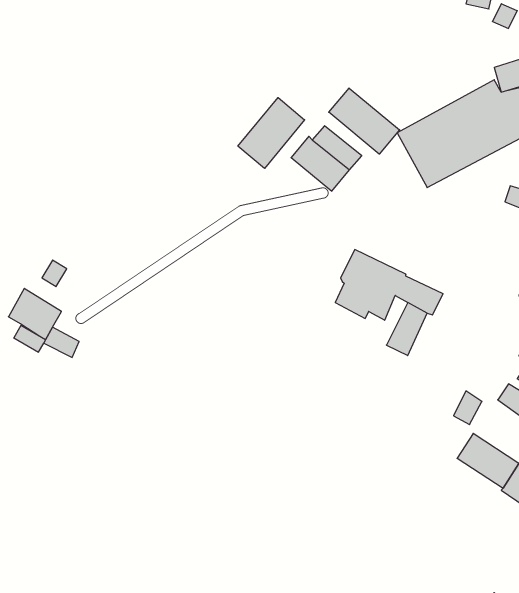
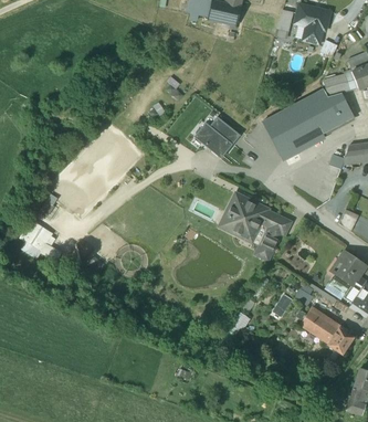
building: [329,88,400,154] -> none
building: [238,98,305,168] -> none

